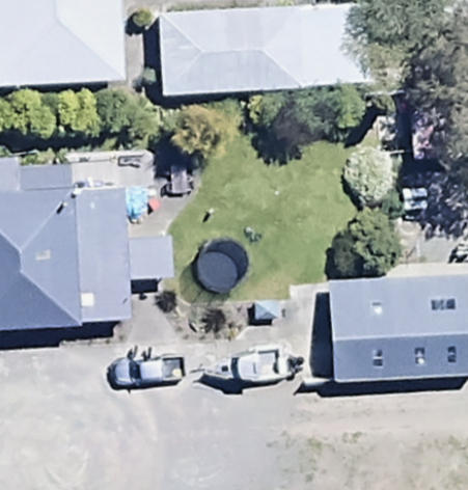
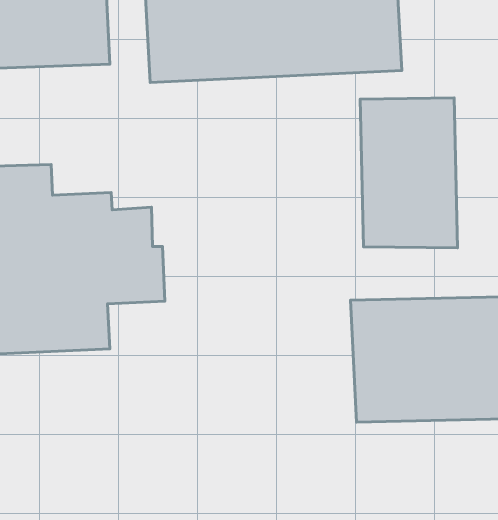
building: none -> [360,98,457,248]

